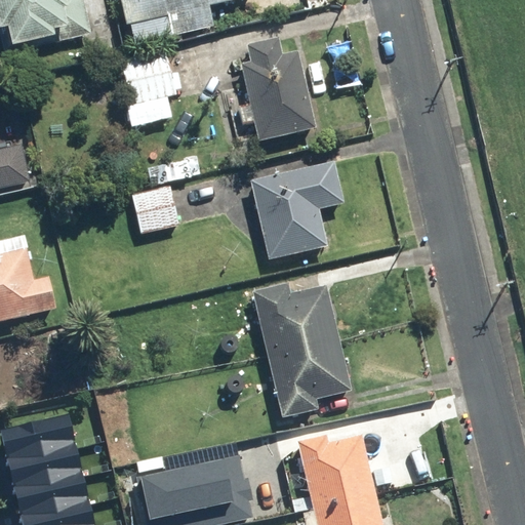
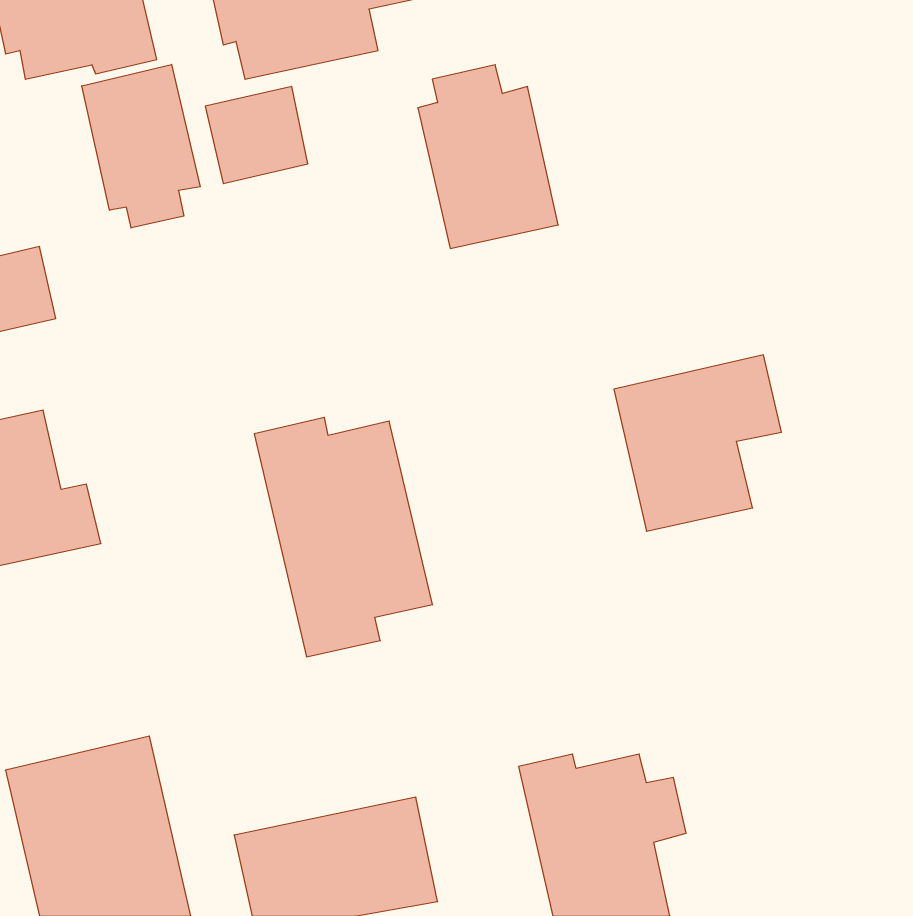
building: none -> [82,64,200,228]
building: [250,160,346,260] -> [614,355,781,531]
building: [131,185,179,234] -> none
building: [249,282,351,418] -> [254,417,433,657]

